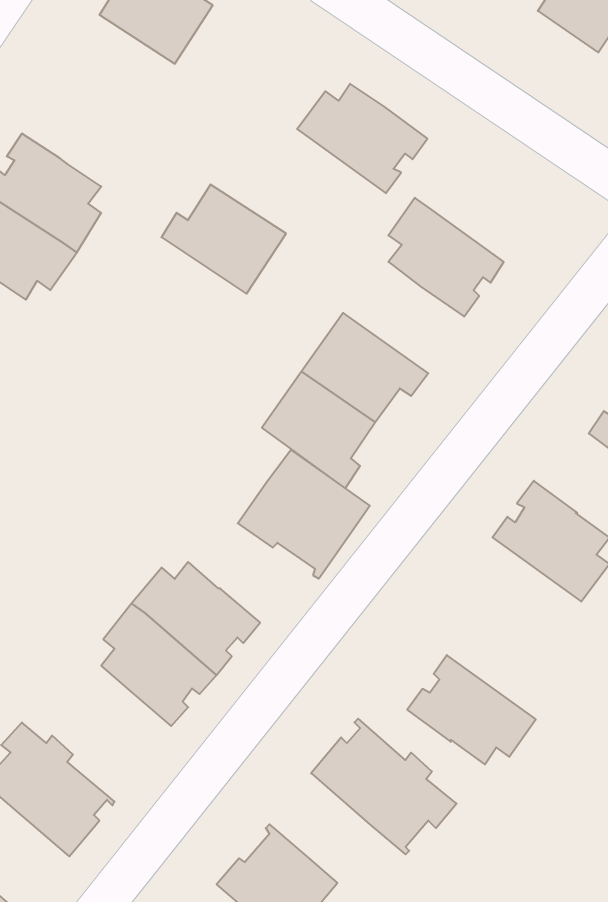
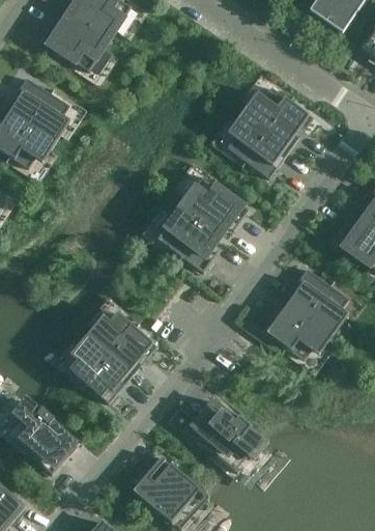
building: [297,84,427,193] -> [241,86,313,146]
building: [161,184,286,294] -> [41,10,110,71]
building: [238,450,370,579] -> none
building: [407,655,536,764] -> [262,298,333,358]

